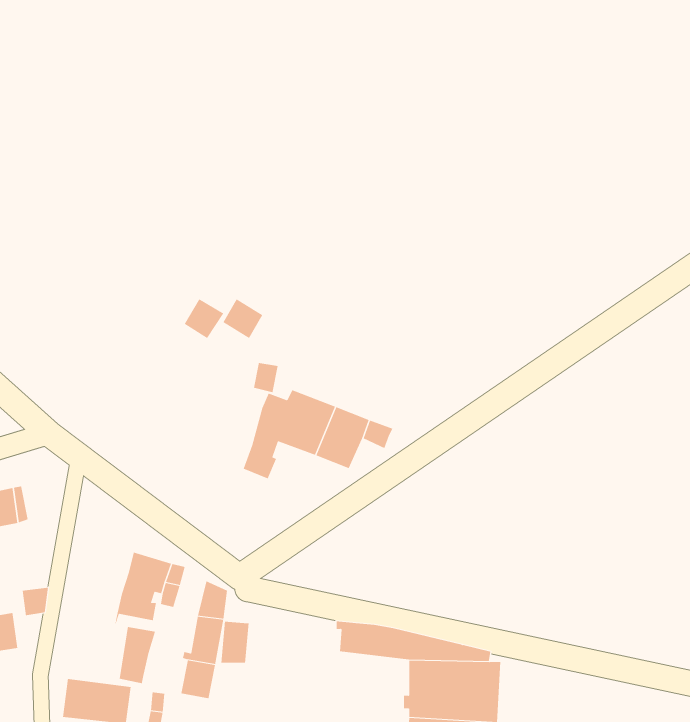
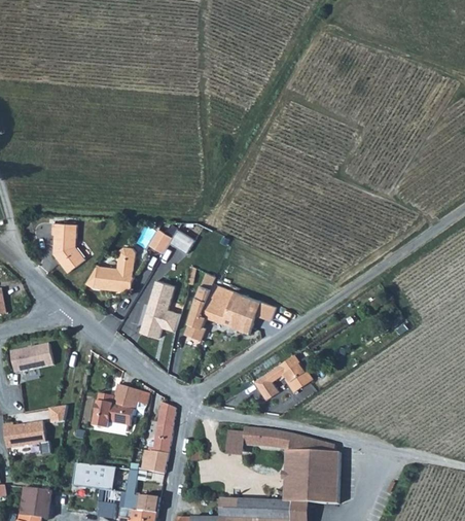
building: none -> [50,223,83,273]
building: none -> [85,248,135,292]
building: none -> [138,281,178,340]
building: none -> [253,353,313,398]
building: [221,621,249,663] -> [225,430,243,456]
building: [119,627,156,684] -> [91,393,113,428]

